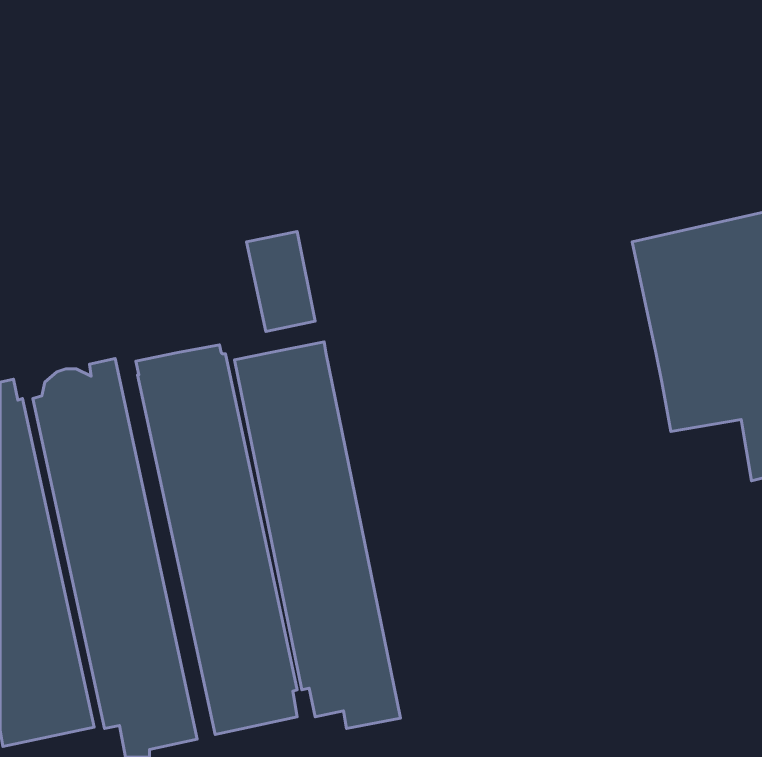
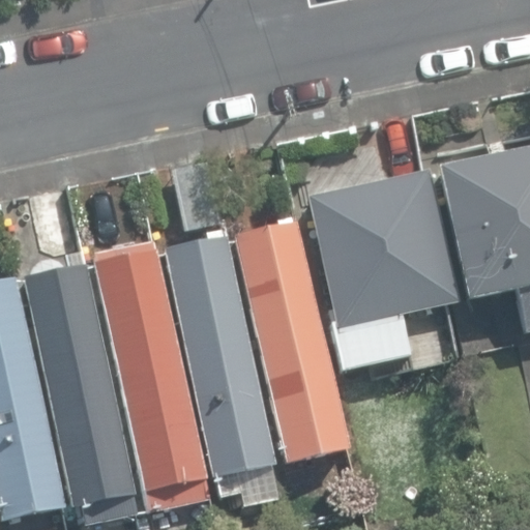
building: none -> [311,171,457,369]
building: none -> [236,220,348,463]

